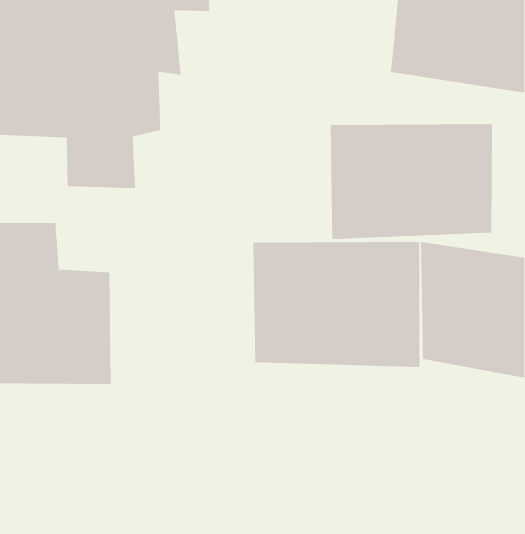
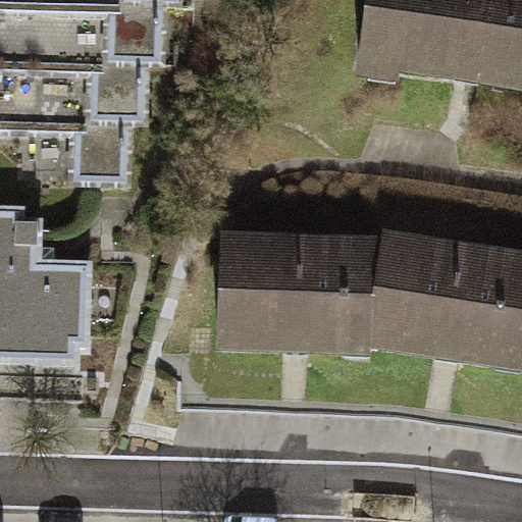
building: [330,124,492,240] -> none

